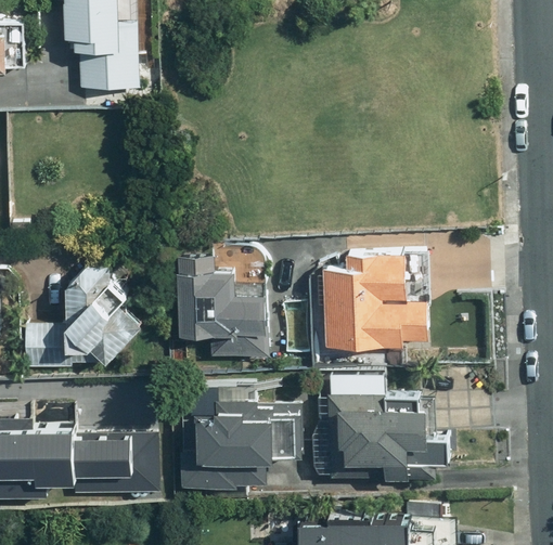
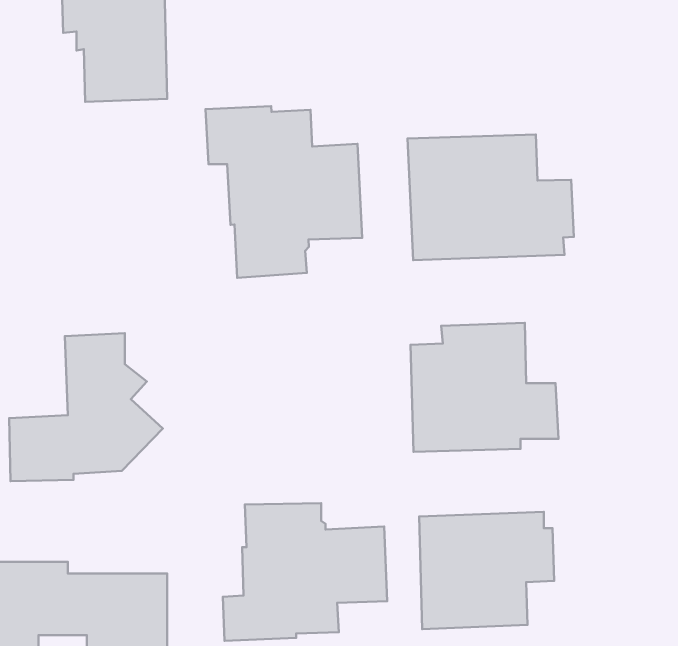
building: none -> [205,106,362,278]
building: none -> [408,135,574,260]
building: [175,257,267,358] -> none

